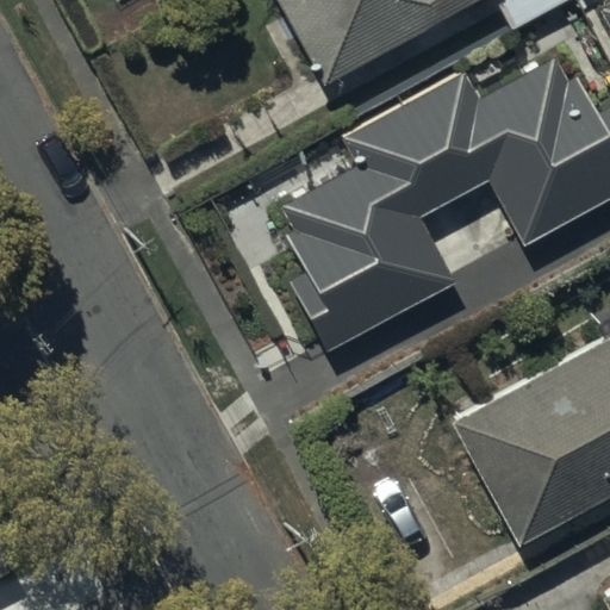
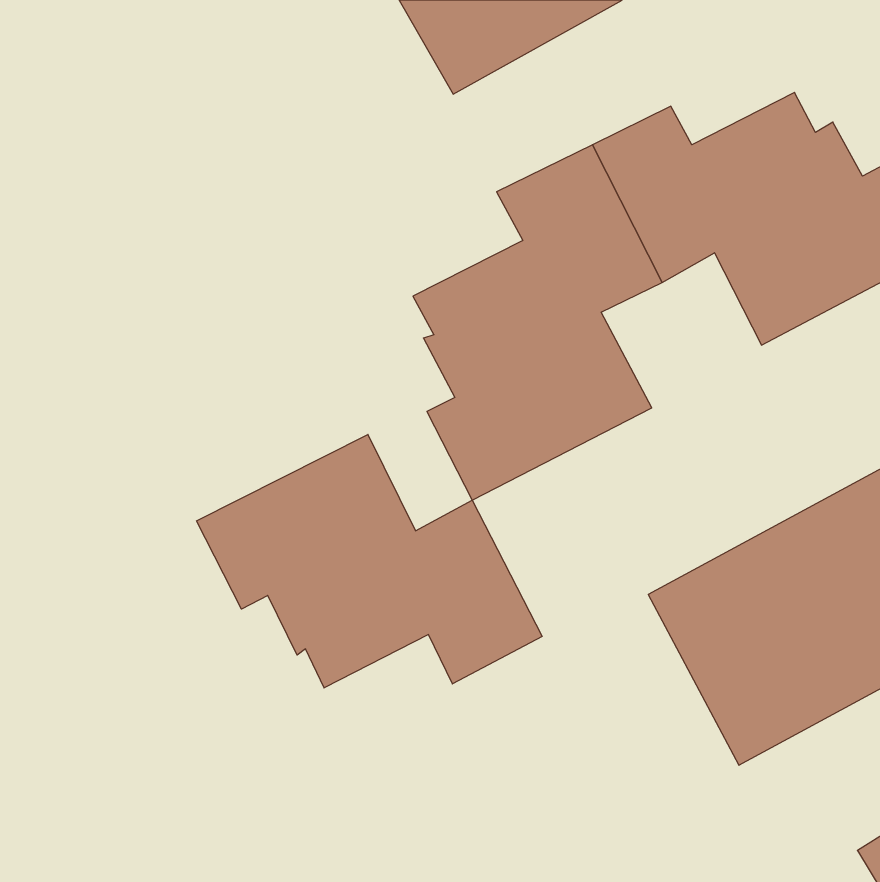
building: none -> [197,434,542,688]

